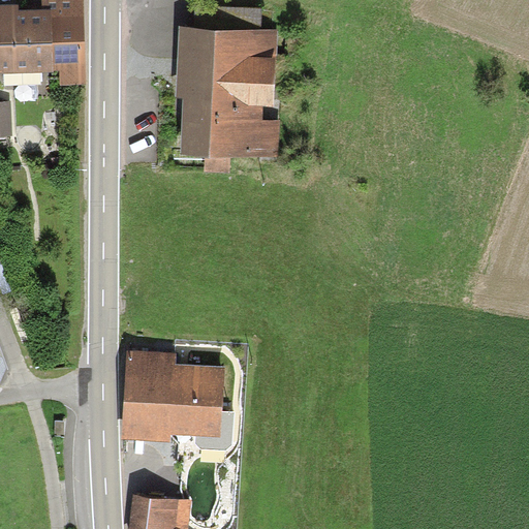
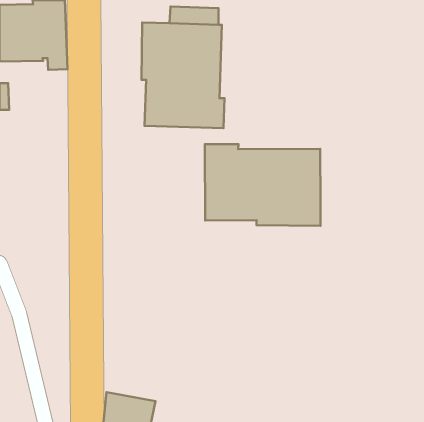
building: none -> [205,144,321,226]
building: [122,346,222,437] -> none

